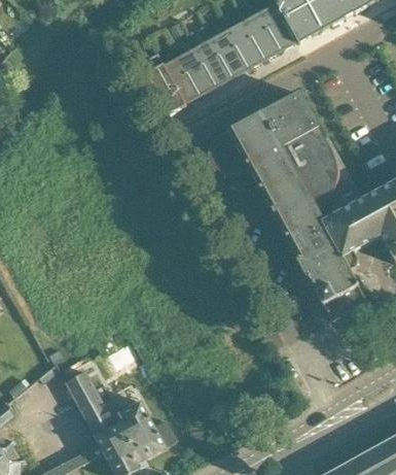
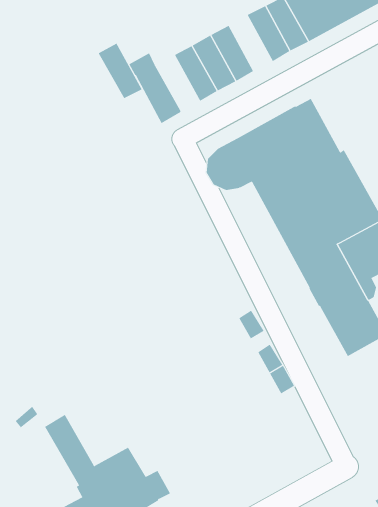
building: [226,19,265,68] -> none
building: [163,54,202,103] -> [98,43,142,99]

